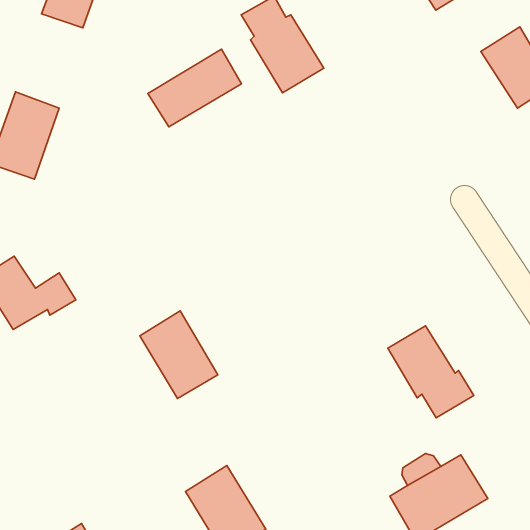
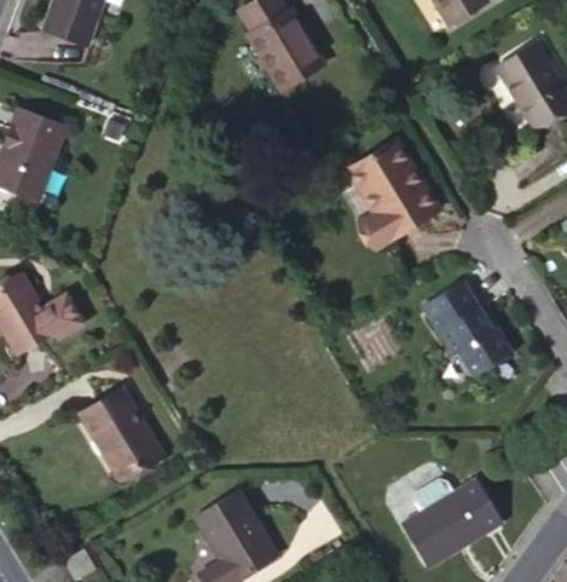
building: [148,49,241,127] -> none
building: none -> [351,143,439,250]
building: [140,311,218,399] -> [81,387,161,477]
building: [388,326,474,418] -> [423,281,511,375]

